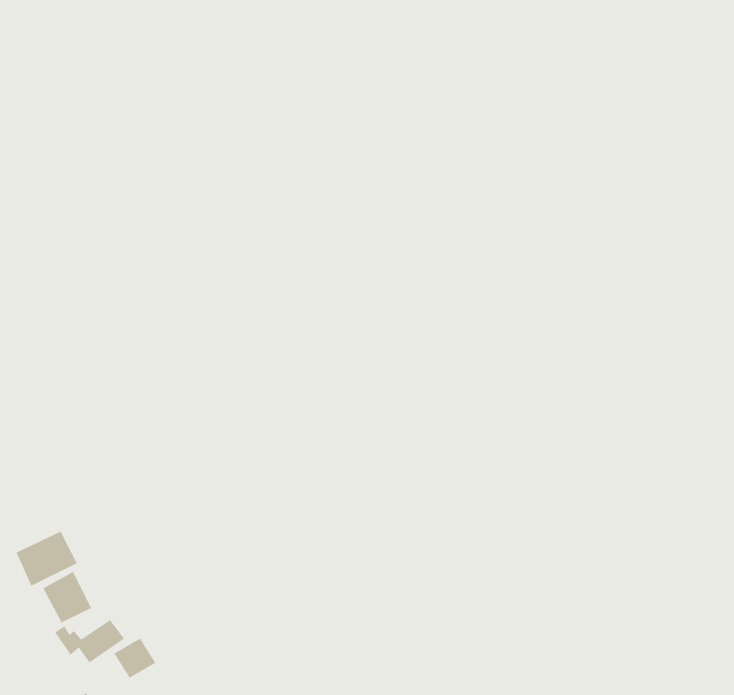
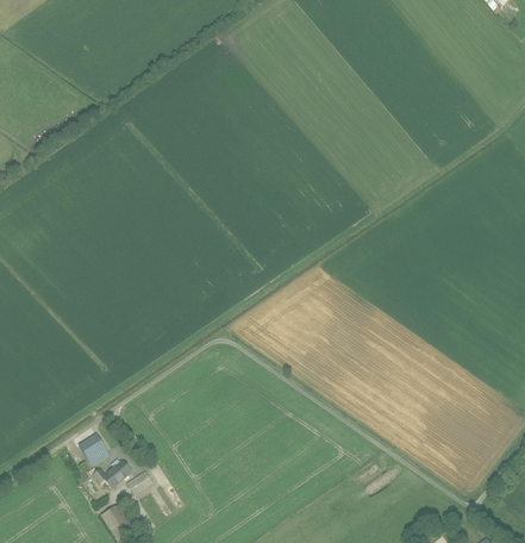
building: [16,531,78,587] -> none

